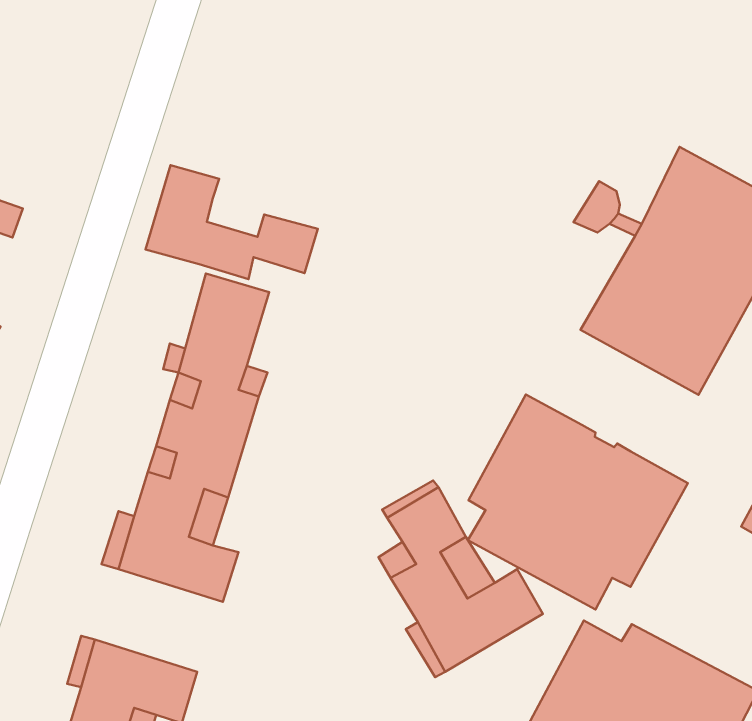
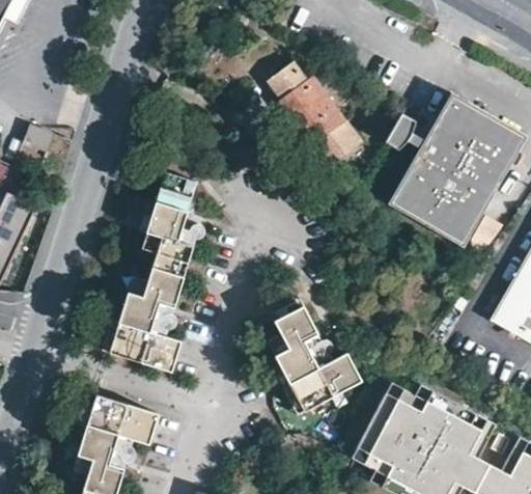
building: none -> [266,59,363,165]
building: [145,165,318,279] -> none
building: [468,394,688,609] -> none

